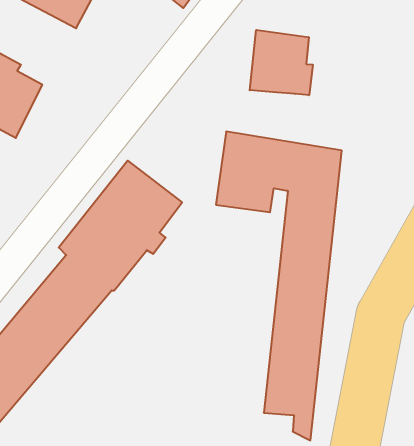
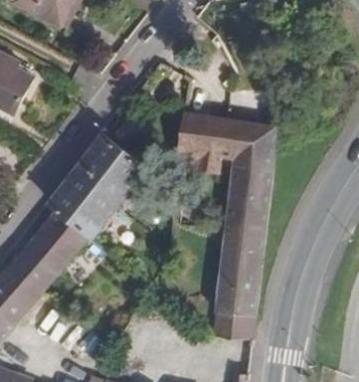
building: [250,30,313,95] -> none

